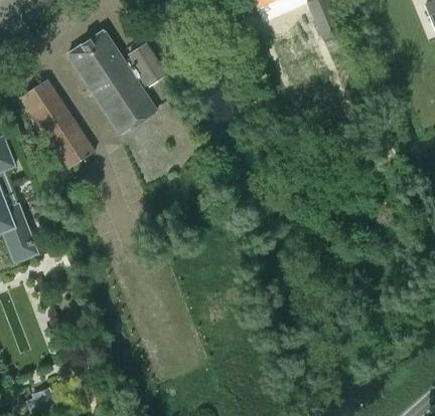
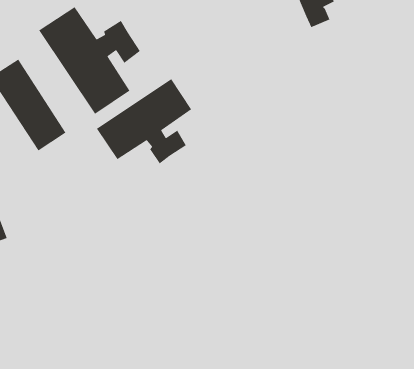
building: none -> [96,78,192,164]

